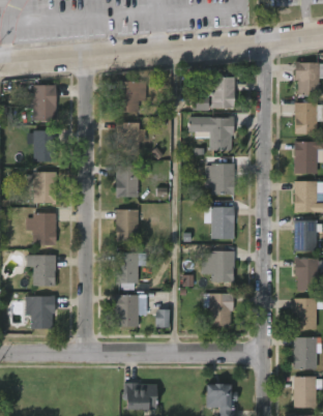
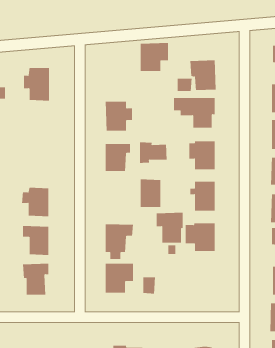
building: [115,81,146,112] -> [140,43,169,71]
building: [26,130,54,161] -> none
building: none -> [139,142,167,164]
building: [24,172,56,203] -> none
building: [115,209,138,240] -> [140,179,161,208]
building: [203,293,233,326] -> [156,212,184,243]

